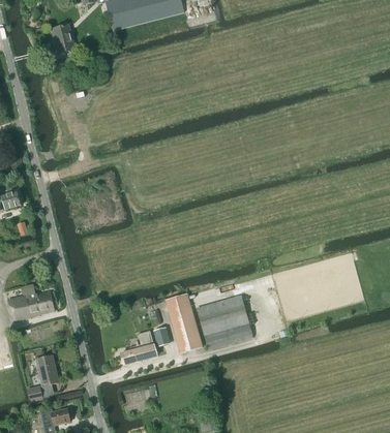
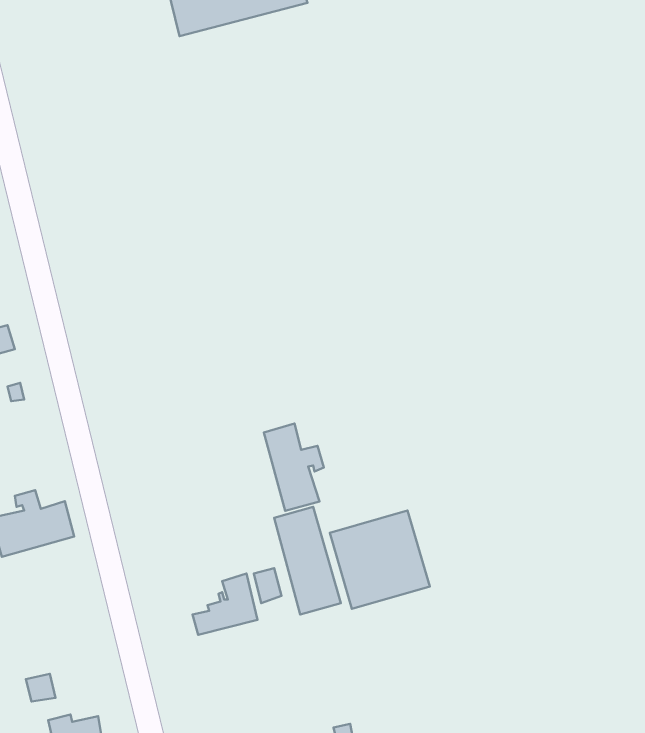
building: [52,25,74,53] -> none
building: none -> [264,423,324,511]
building: [36,354,58,385] -> none

